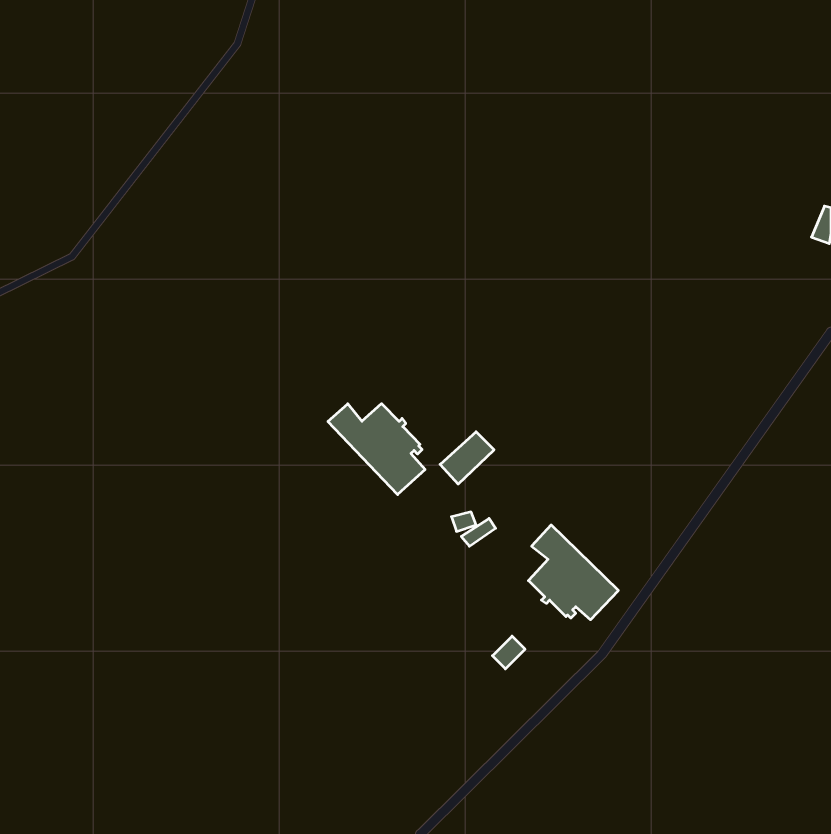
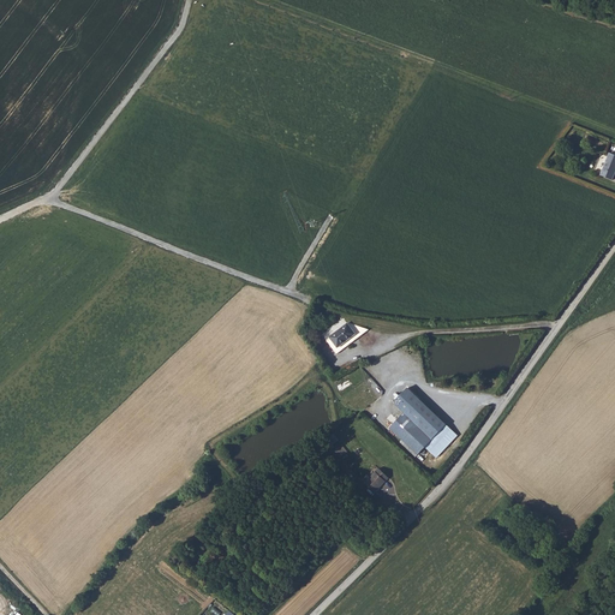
building: [328,404,425,495] -> none

